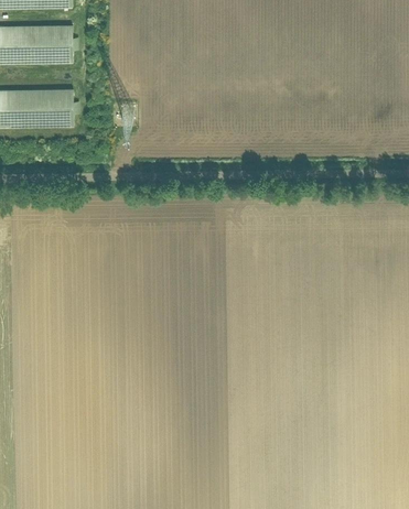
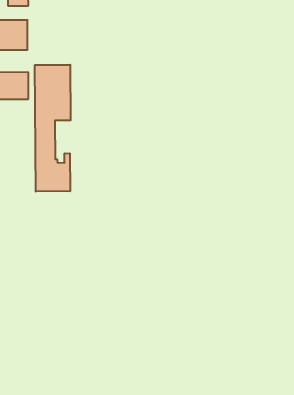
building: none -> [35,65,71,192]

